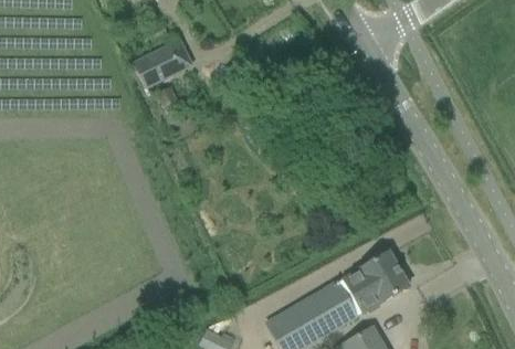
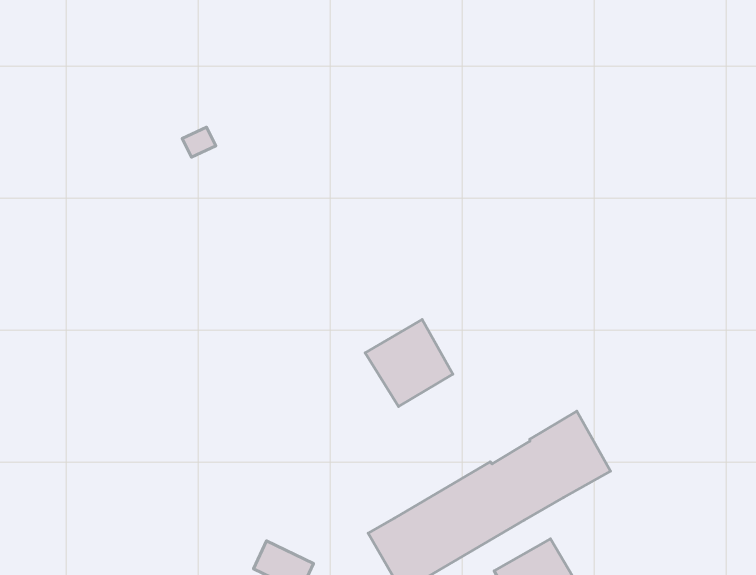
building: [132,36,192,85] -> none
building: none -> [365,320,453,407]

